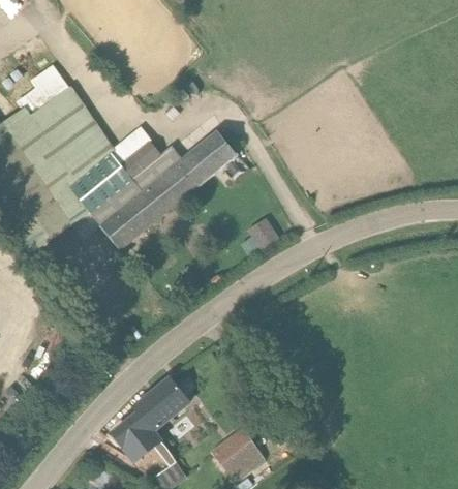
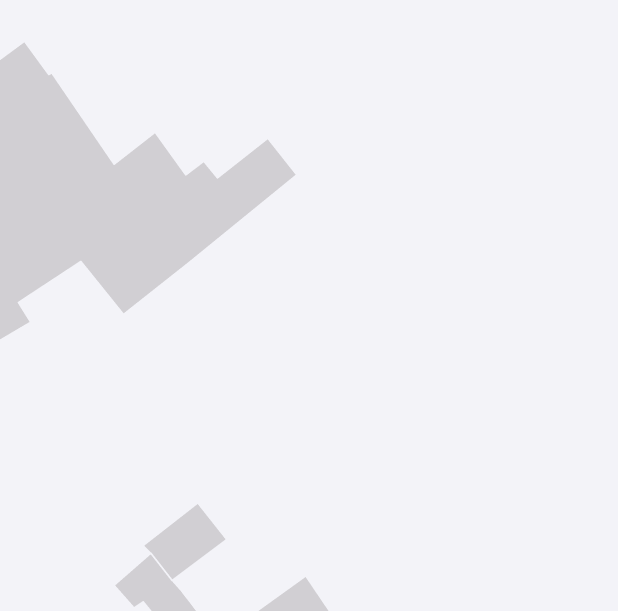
building: [246,218,278,250] -> none

